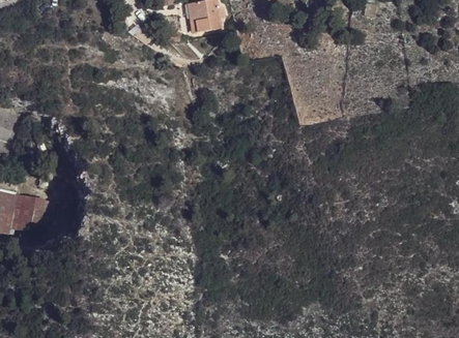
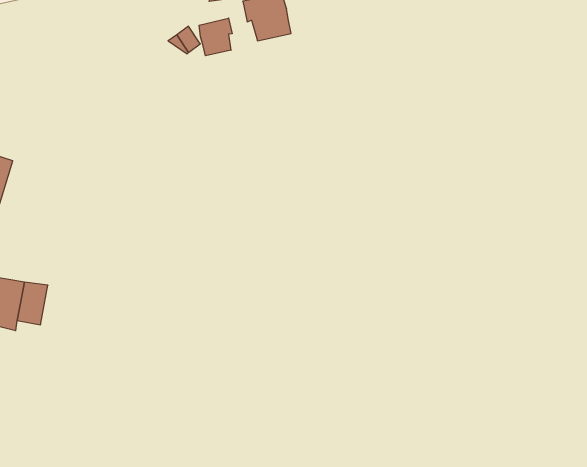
building: none -> [199,18,232,56]

